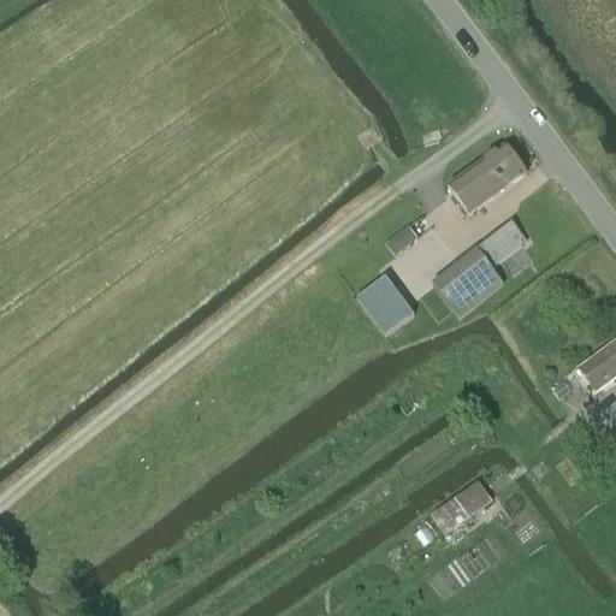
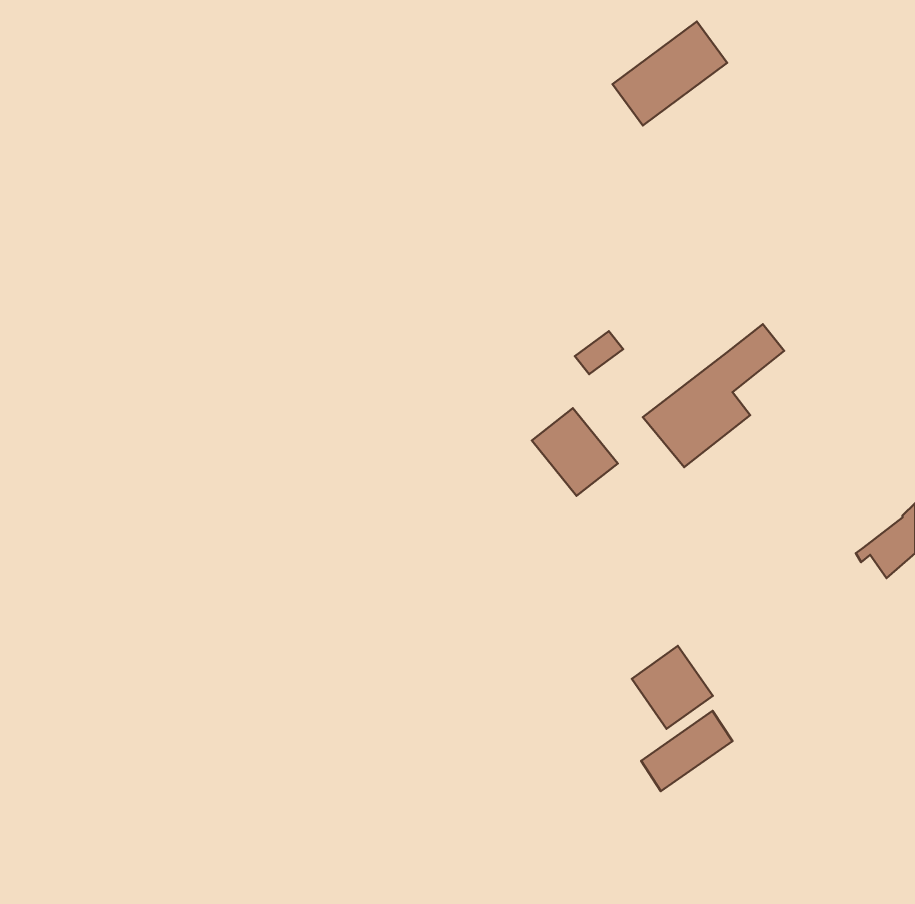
building: [449,142,526,212] -> [613,22,727,125]
building: none -> [632,646,713,729]

